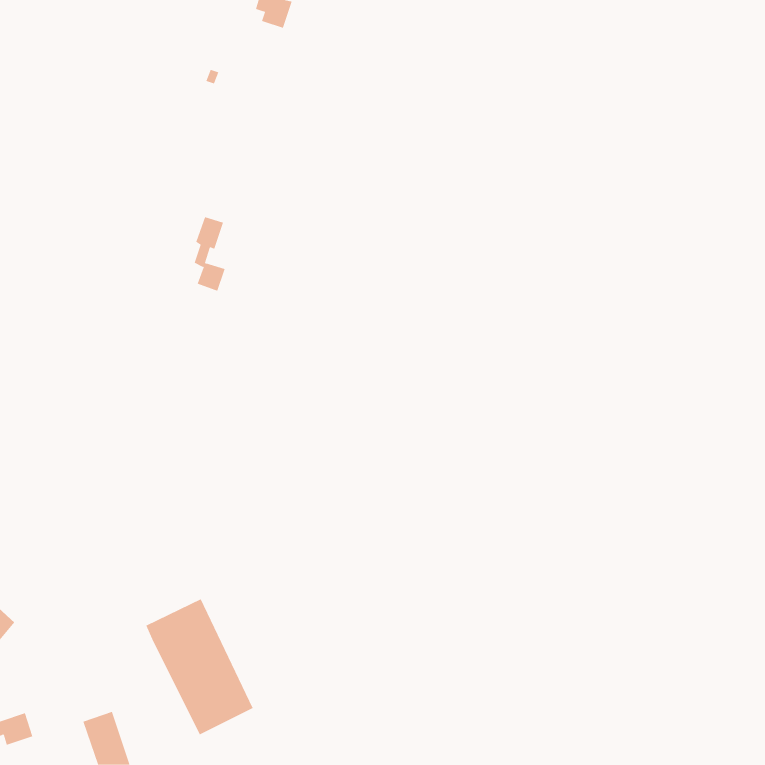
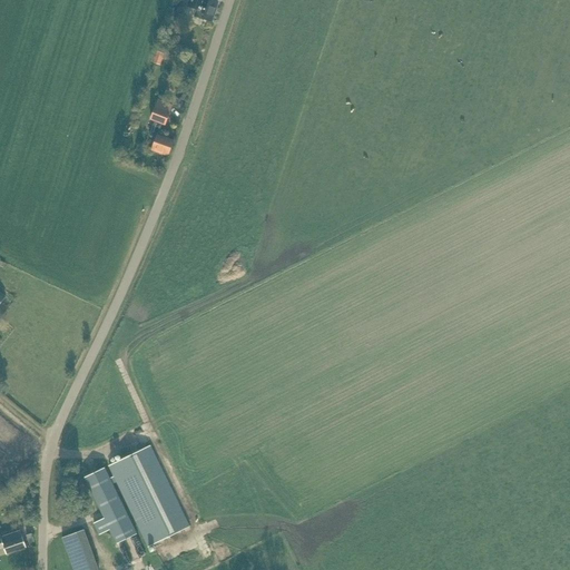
building: [194,216,225,291] -> [148,100,171,156]
building: none -> [83,468,137,546]

